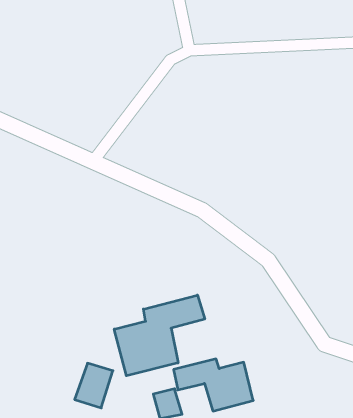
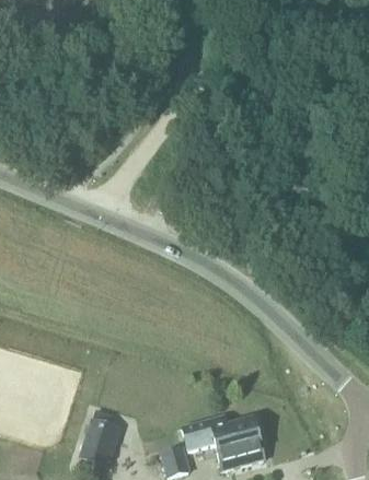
building: [114,295,205,376] -> none

